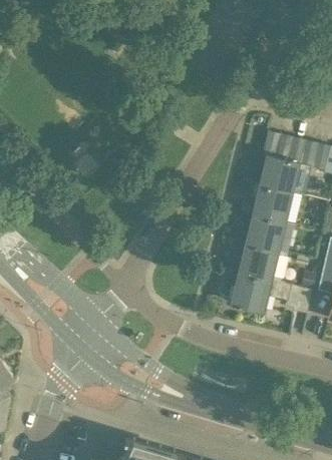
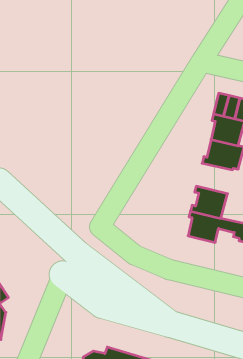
building: [241,216,285,254] -> none

